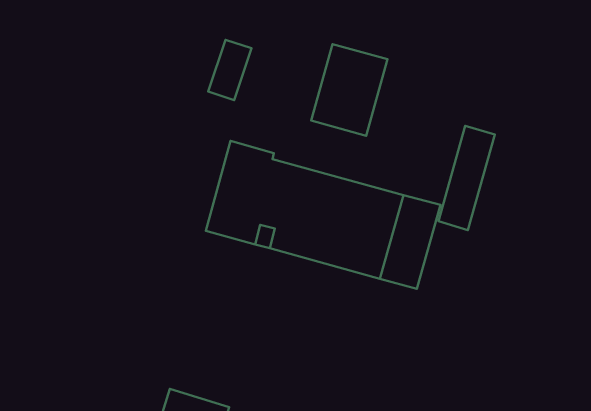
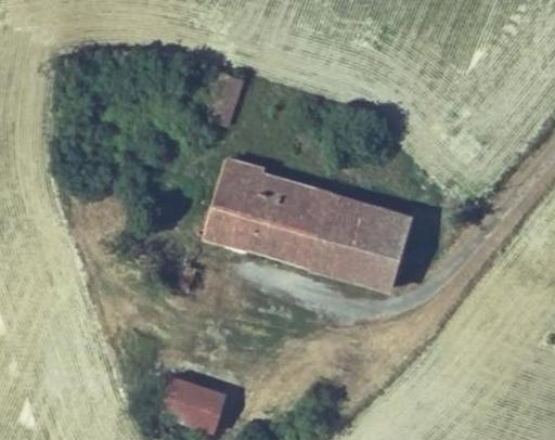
building: [311,44,387,136] -> none
building: [438,126,495,230] -> none

